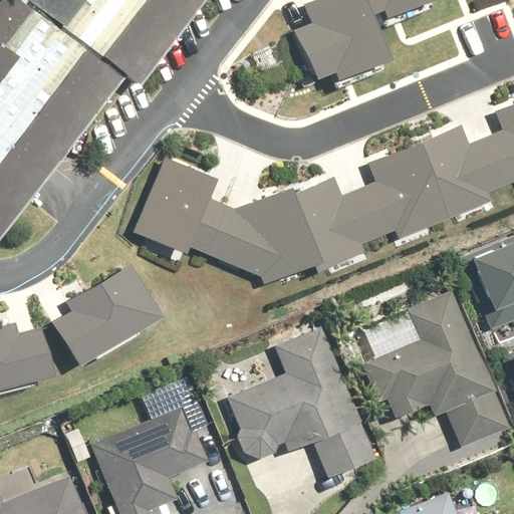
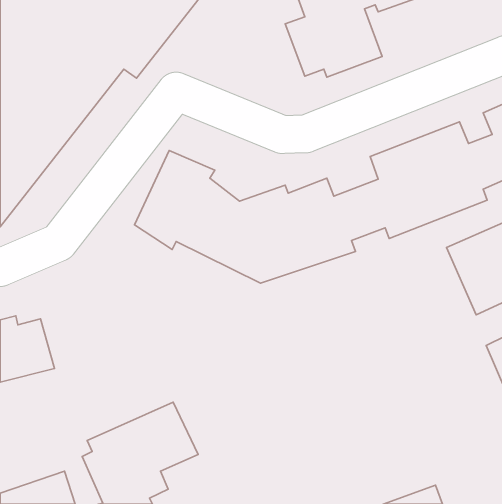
building: [60,260,168,361] -> none
building: [359,295,499,444] -> none
building: [226,331,373,479] -> none

